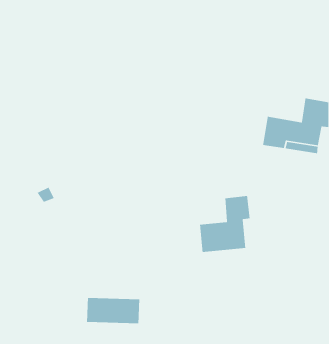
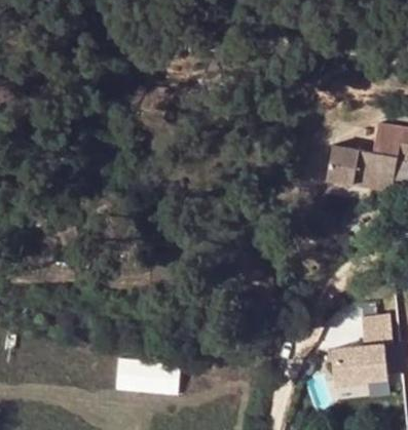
building: [199,195,250,253] -> [331,314,392,382]

